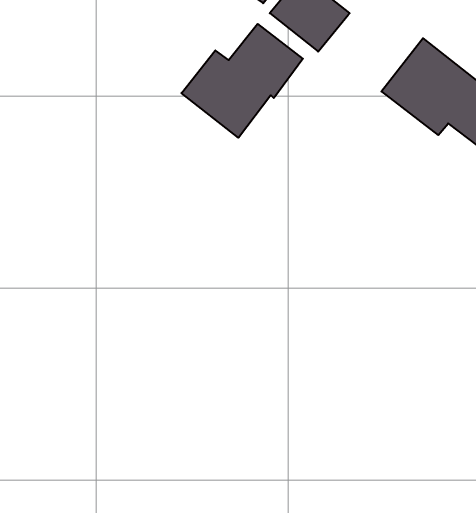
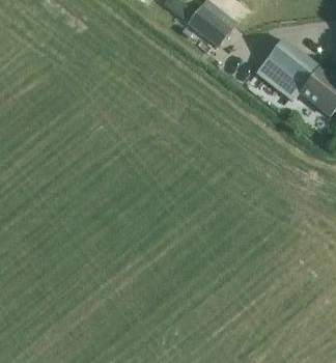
building: [181,24,303,138] -> none

